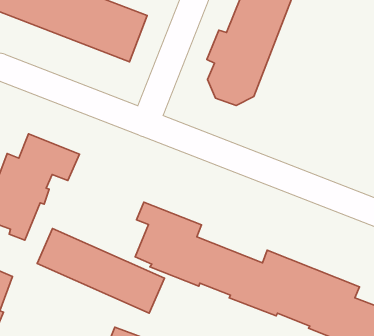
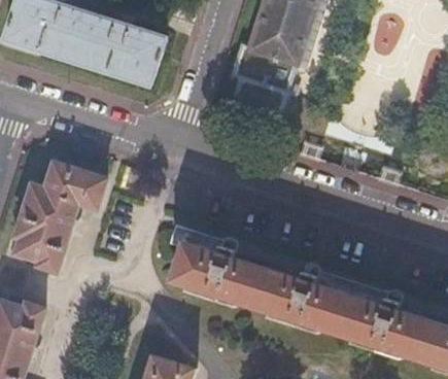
building: [37,229,164,313] -> none

